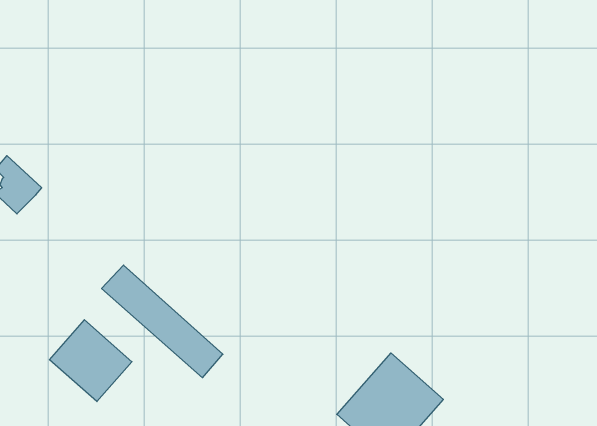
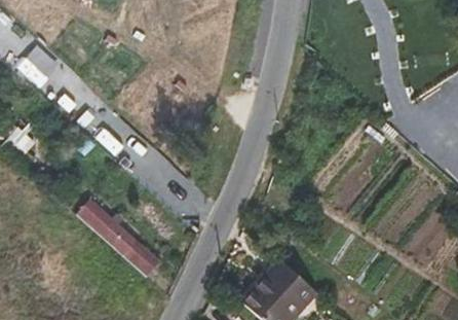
building: [50,320,132,402] -> none

